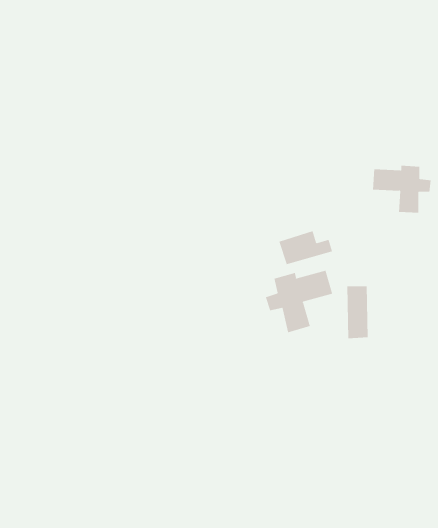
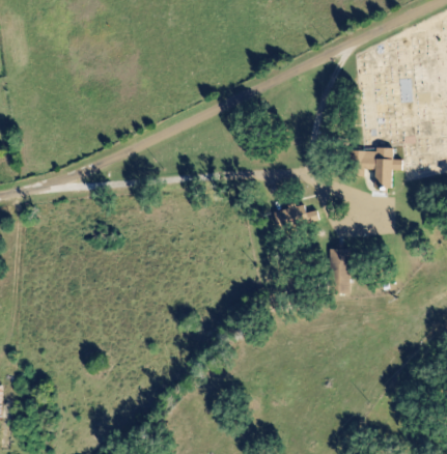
building: [265,270,333,333] -> none

